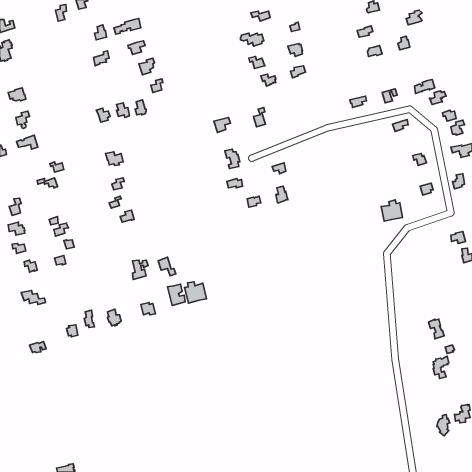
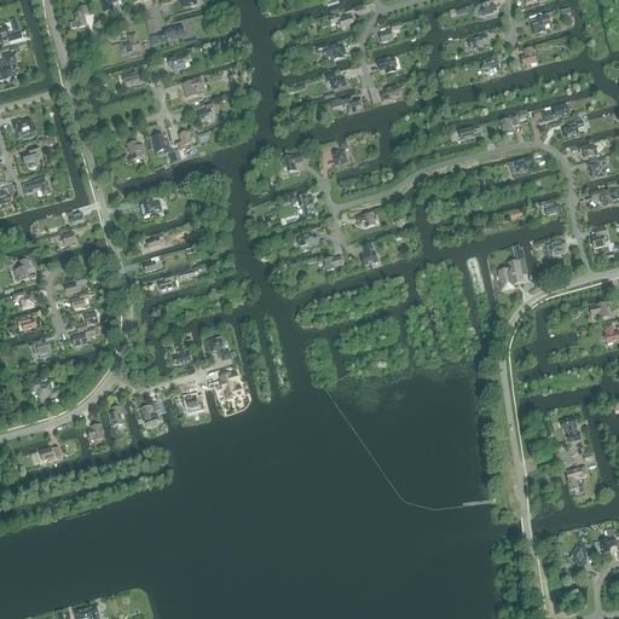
building: [185,282,207,303] -> none

